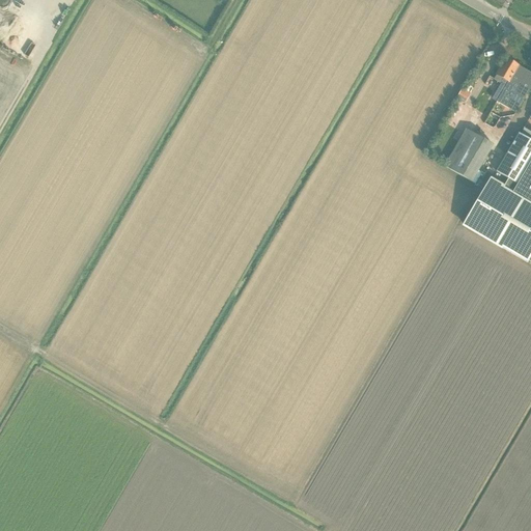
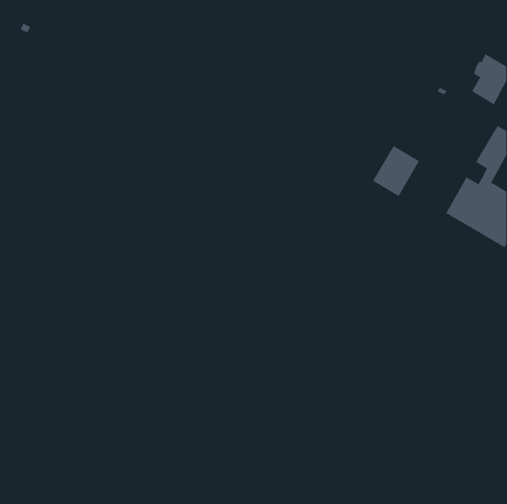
building: [445,125,495,179] -> [372,145,420,197]

